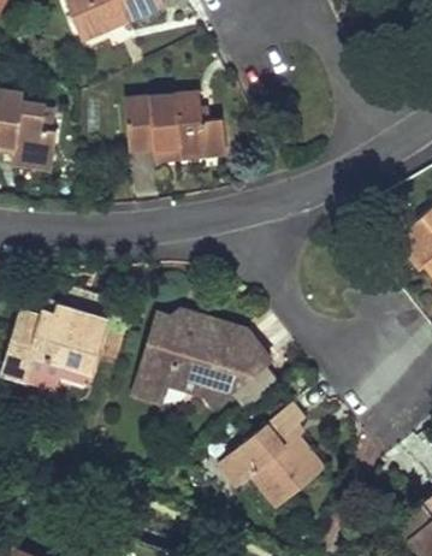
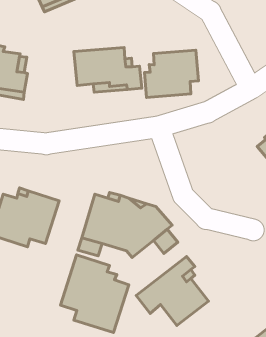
building: none -> [144,50,198,98]
building: none -> [61,255,129,332]

